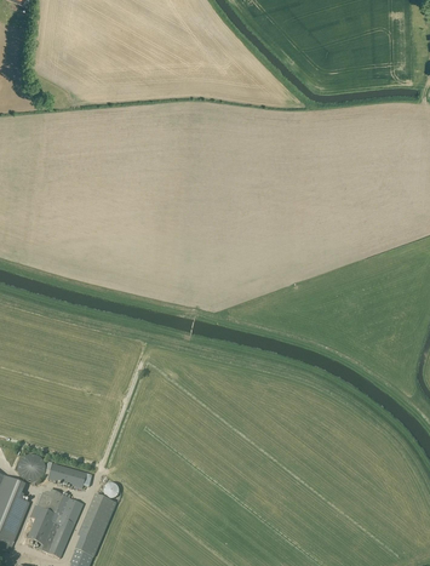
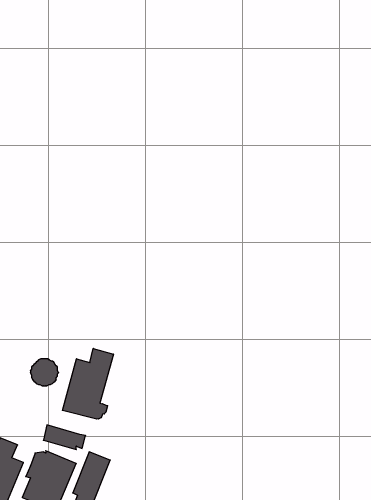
building: none -> [62,348,113,419]
building: [17,452,46,480] -> [30,359,59,386]

